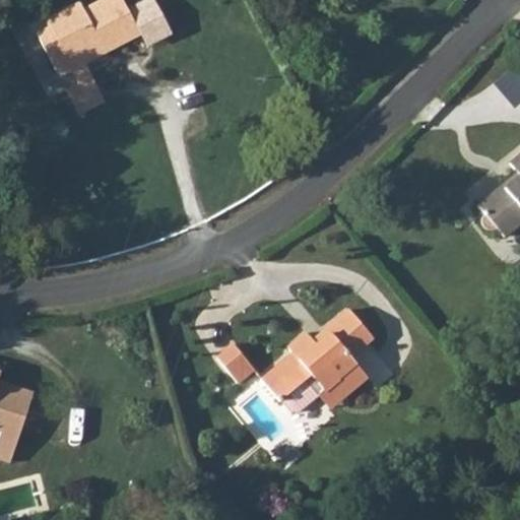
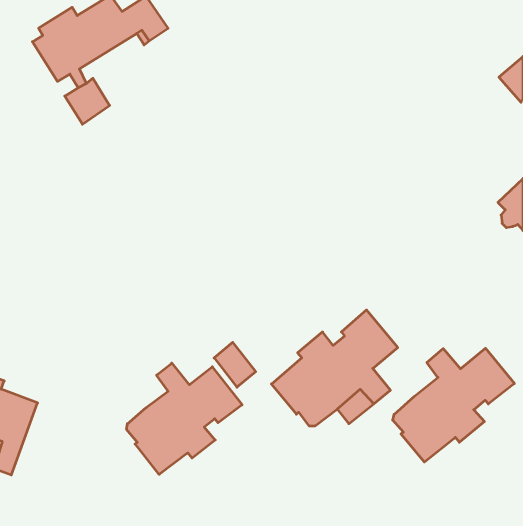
building: none -> [393,348,514,462]
building: none -> [127,363,242,474]

